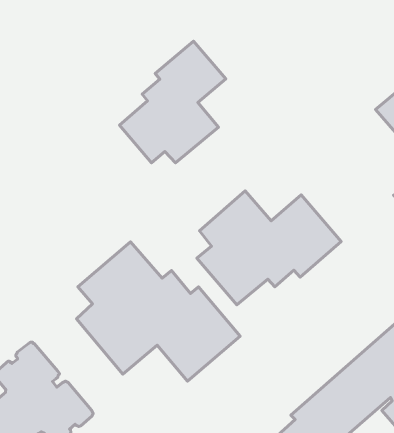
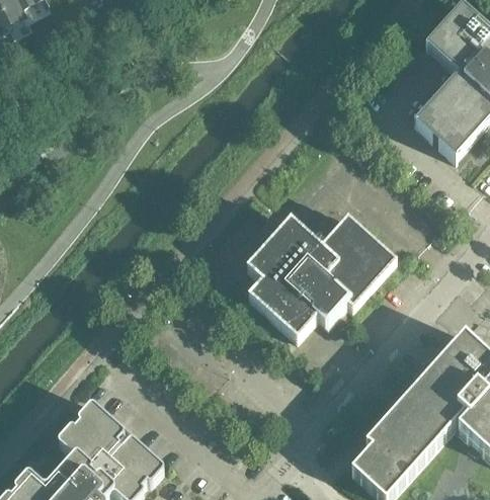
building: [119,41,226,163] -> none
building: [77,242,240,381] -> none

